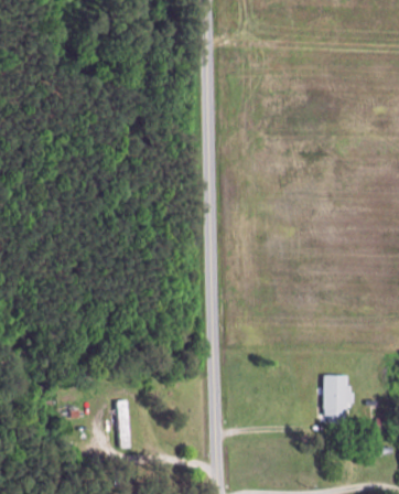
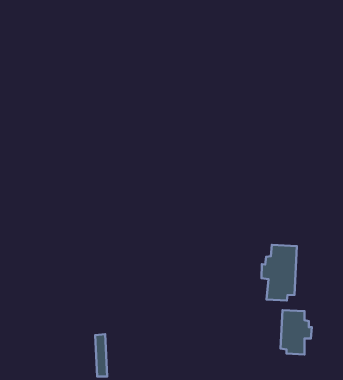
building: none -> [262,245,297,300]

